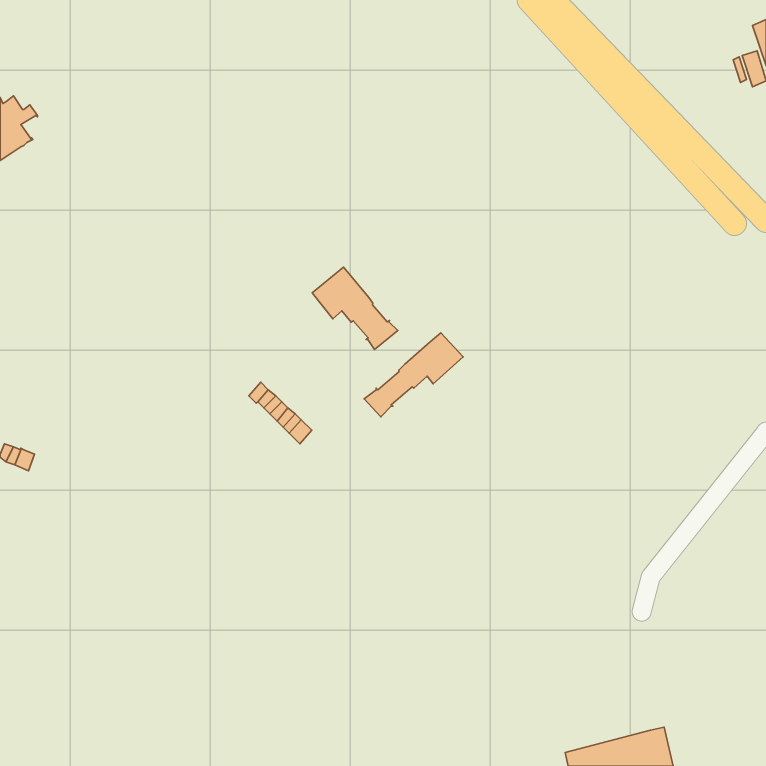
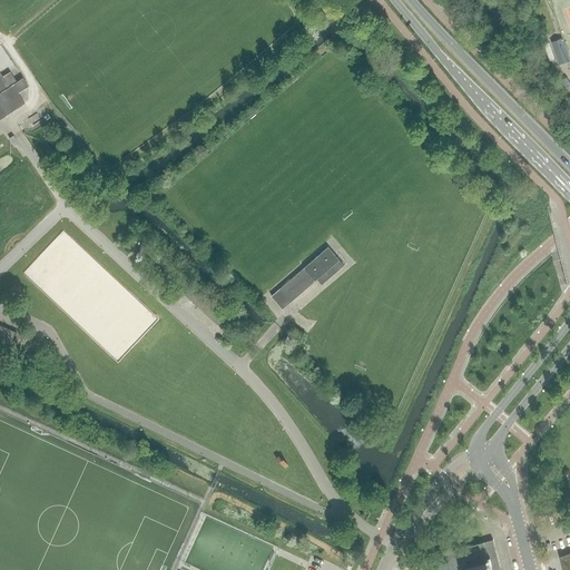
building: [312,267,398,350] -> none

